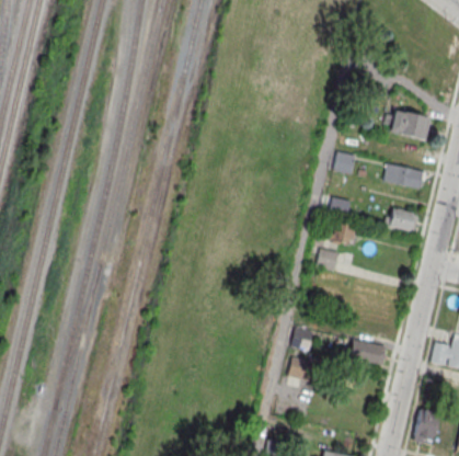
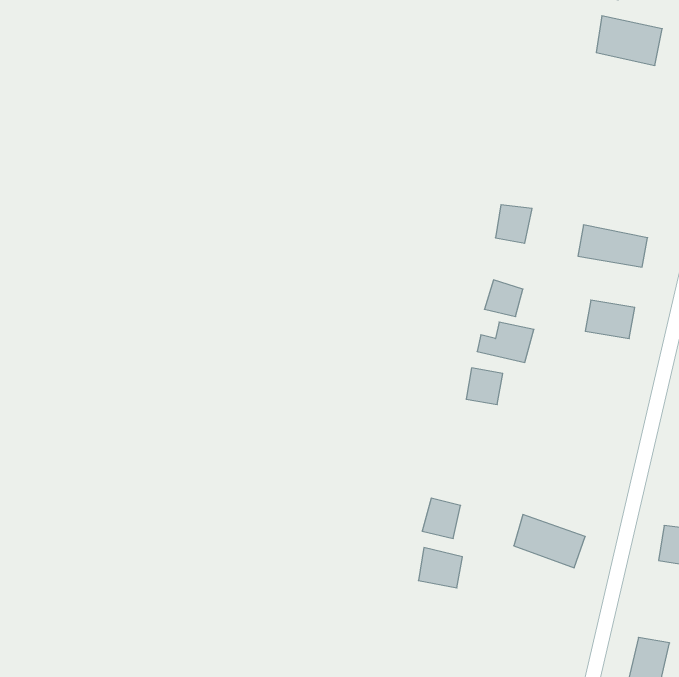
building: [391,110,431,139] -> [596,16,662,65]

